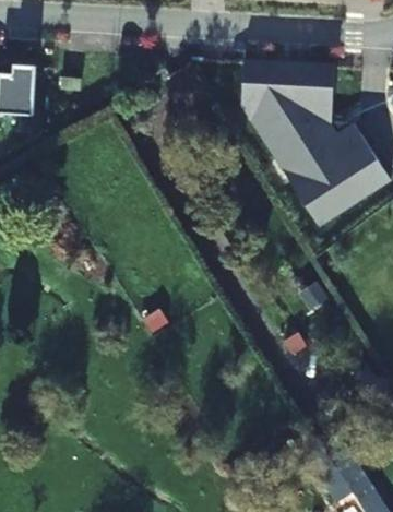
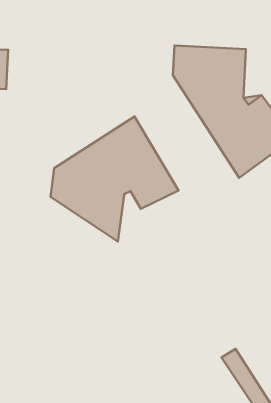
building: none -> [51,116,179,241]

